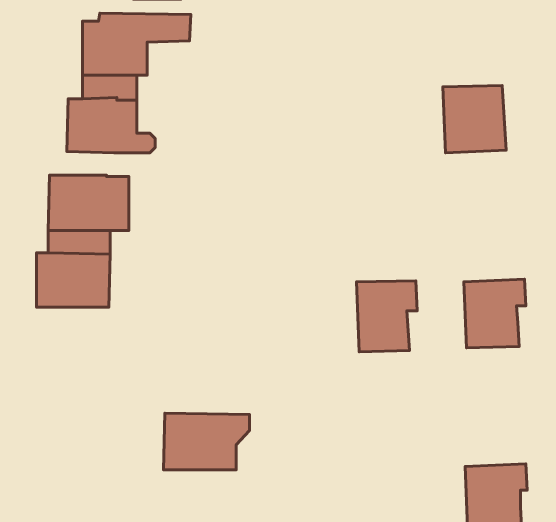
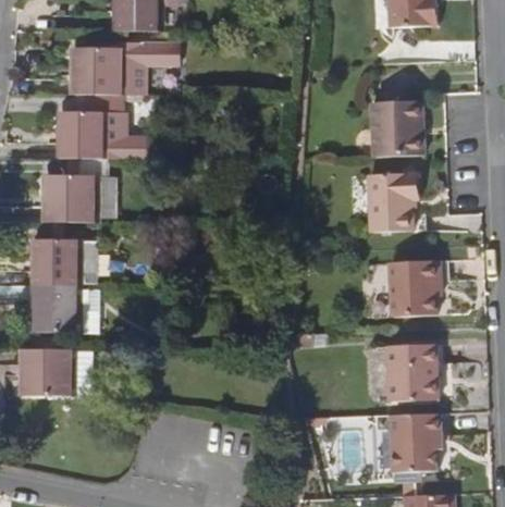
building: [357,281,417,352] -> [367,174,417,233]
building: none -> [35,284,91,331]
building: none -> [384,344,434,401]
building: [164,413,249,470] -> [23,348,94,395]

